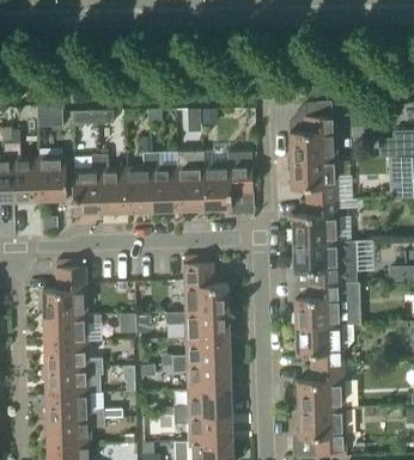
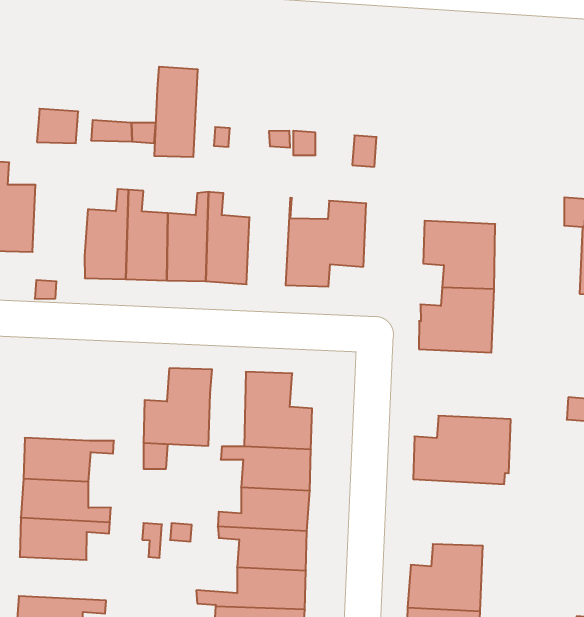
building: [288,116,335,160] -> none
building: [177,152,203,209] -> [154,67,198,157]
building: [38,155,74,198] -> none
building: [292,241,357,284] -> none
building: [42,268,85,318] -> [143,368,212,446]
building: [294,325,353,367] -> none
building: [45,393,103,419] -> none

